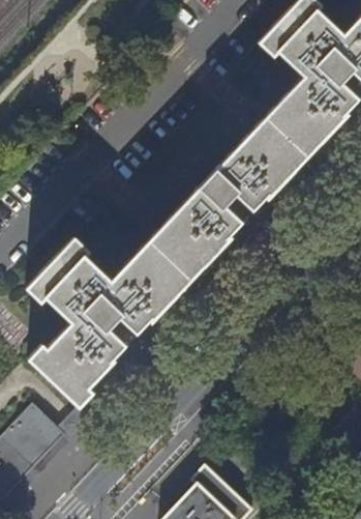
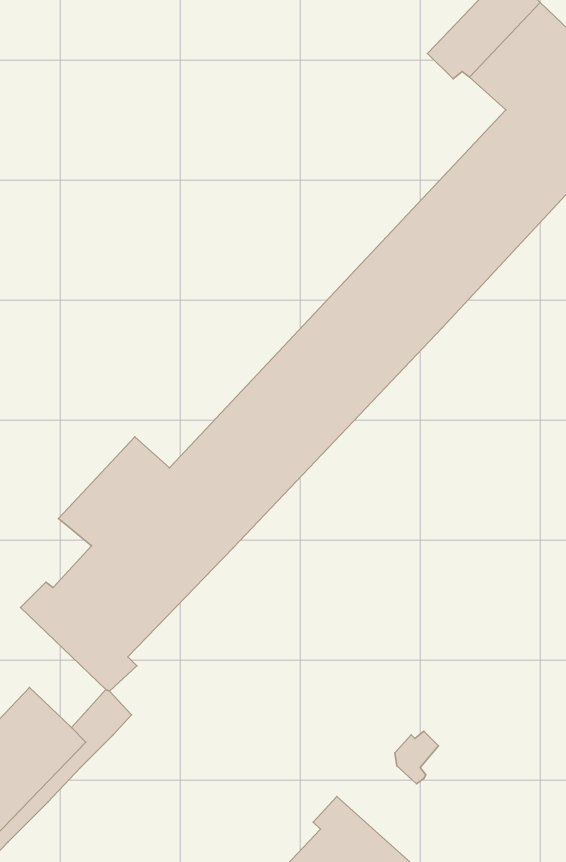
building: [25,237,93,308] -> none

